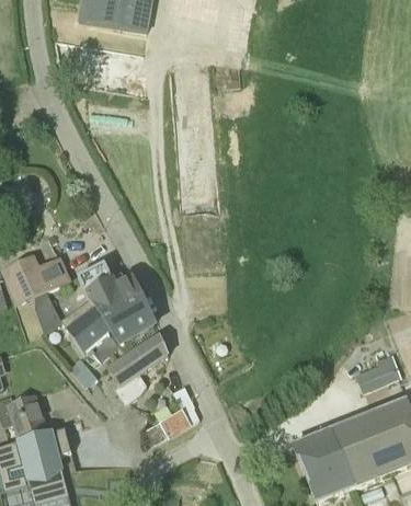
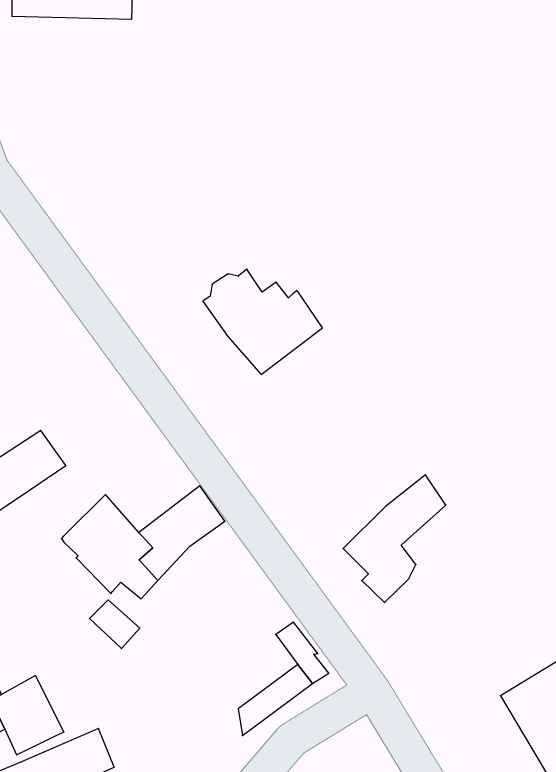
building: [79,262,144,322] -> [203,269,322,374]
building: [35,289,62,333] -> none
building: [107,335,169,403] -> [343,475,446,603]

